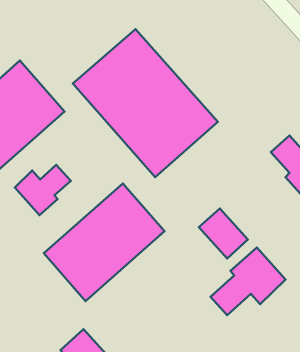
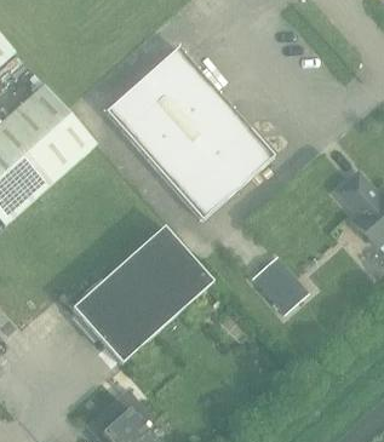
building: [15,165,71,215] -> none
building: [210,248,286,315] -> none

